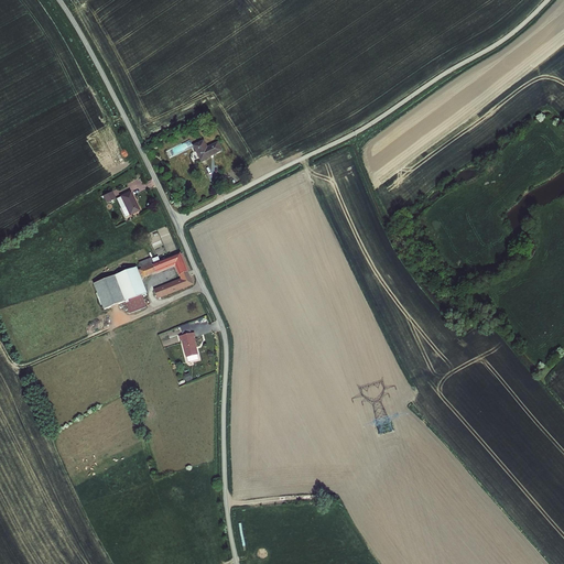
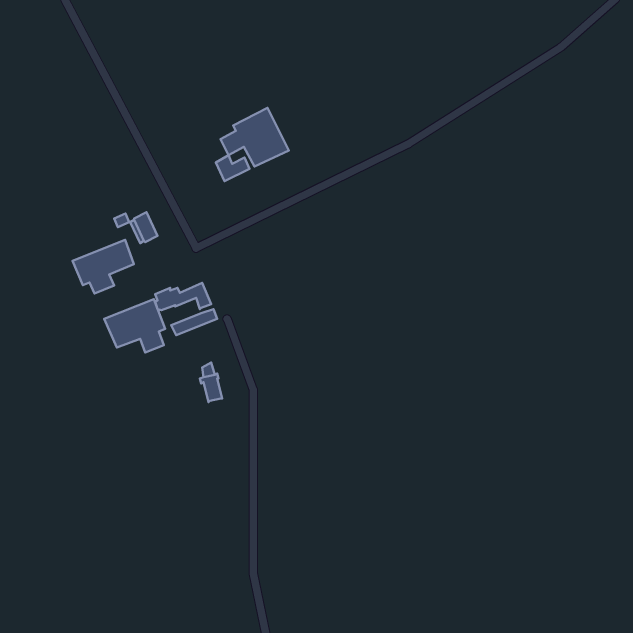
building: none -> [220,108,289,167]
building: none -> [72,240,134,294]

